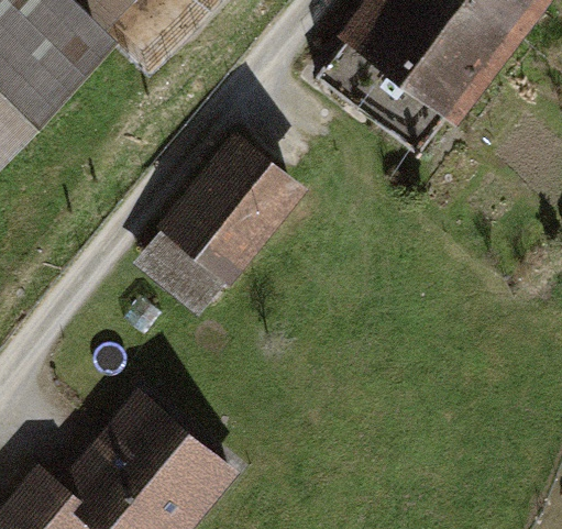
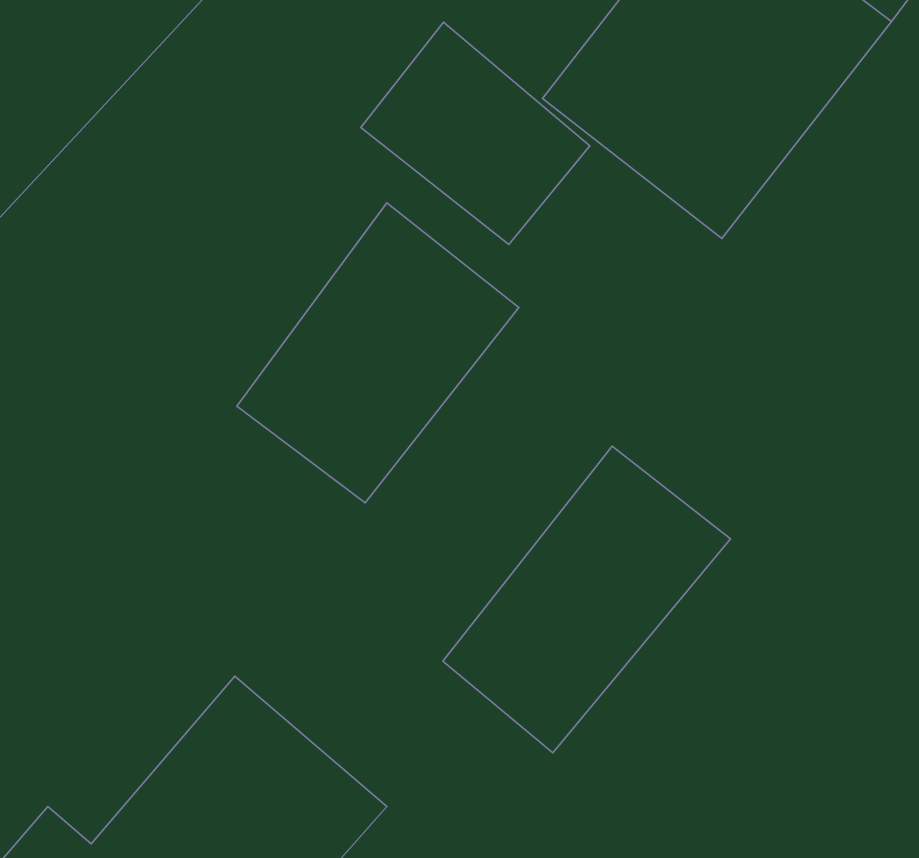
building: none -> [361,22,590,244]
building: none -> [443,446,730,753]

